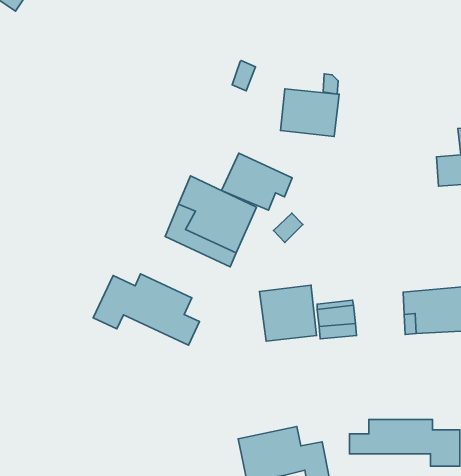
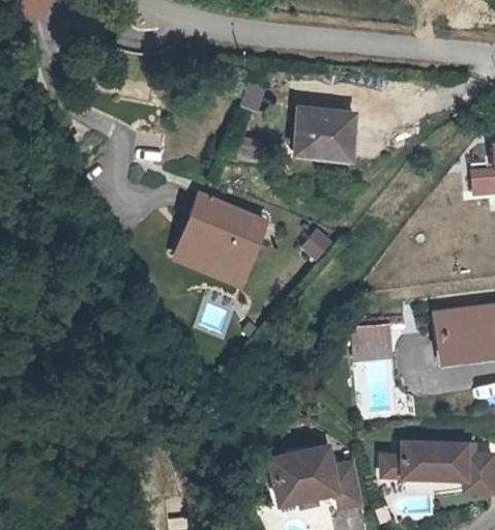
building: [222,153,292,210] -> none
building: [93,274,199,345] -> none
building: [259,285,316,341] -> none

